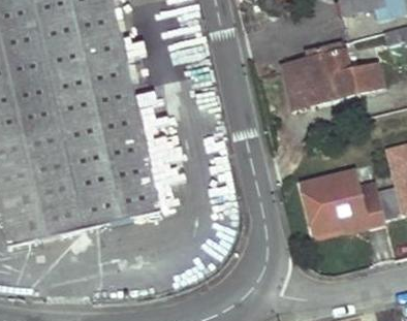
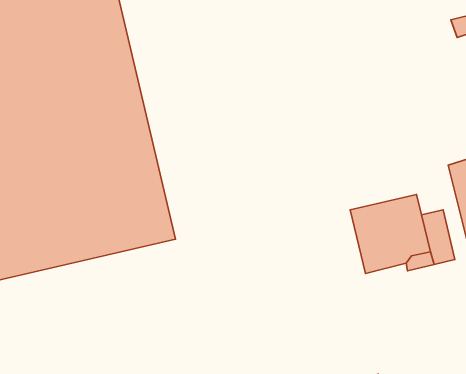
building: [284,42,383,107] -> none

